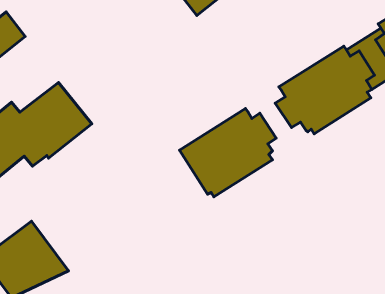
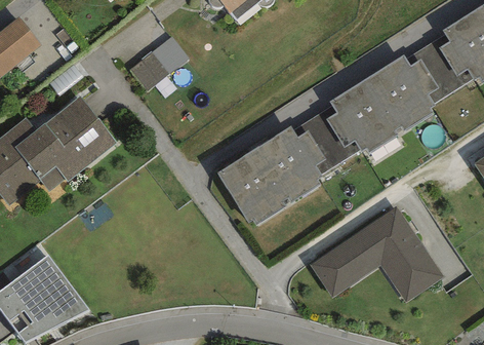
building: none -> [127,37,189,91]
building: none -> [293,105,359,174]
building: none -> [309,206,443,304]

